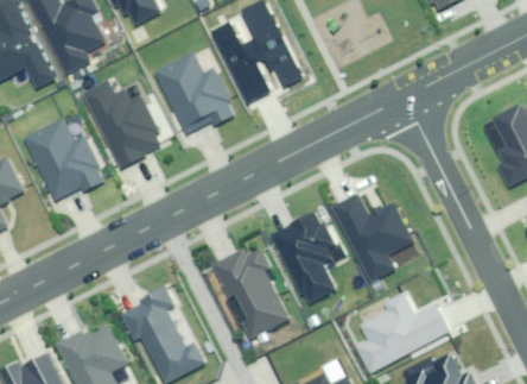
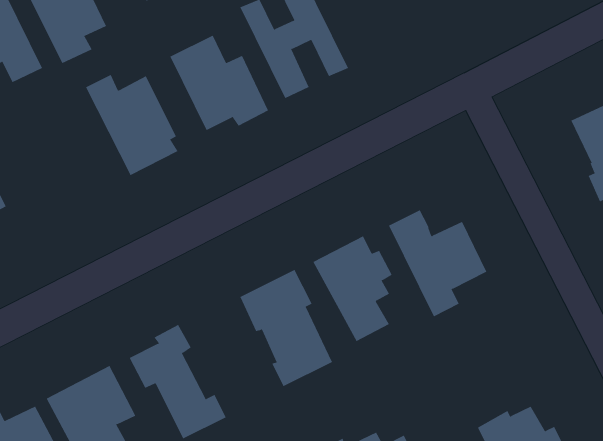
building: [25,118,107,201] -> none
building: [360,291,447,369] -> none

